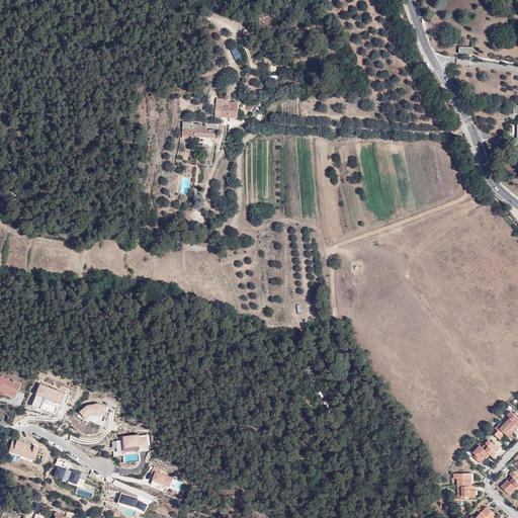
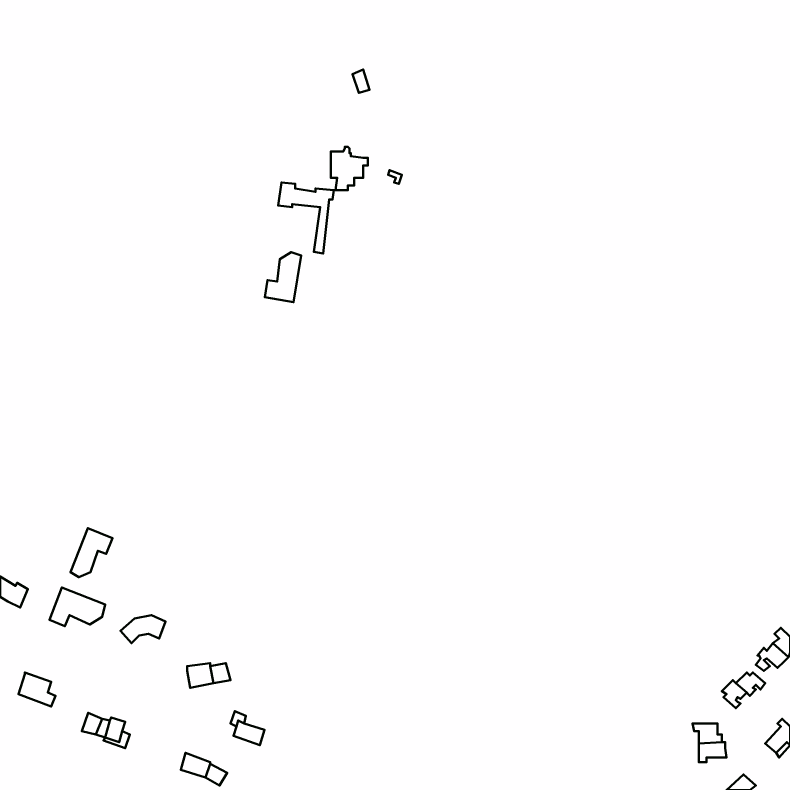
building: none -> [265,252,301,302]
building: none -> [71,528,112,577]

